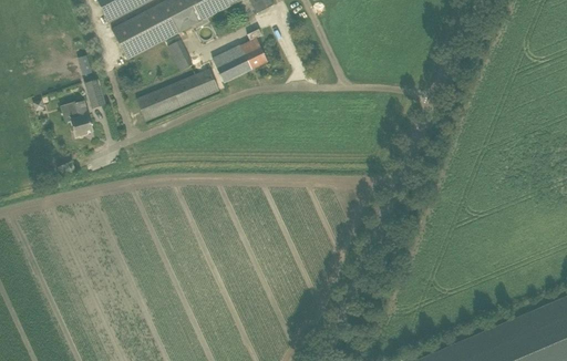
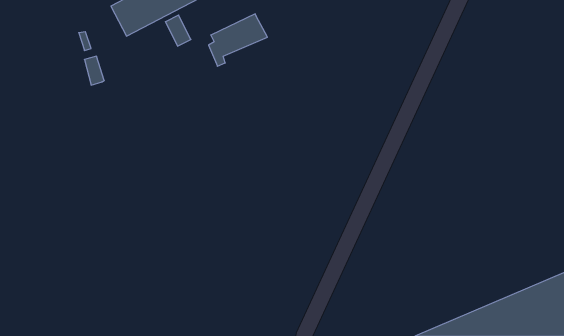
building: [136,69,218,121] -> none
building: [60,101,93,136] -> none

